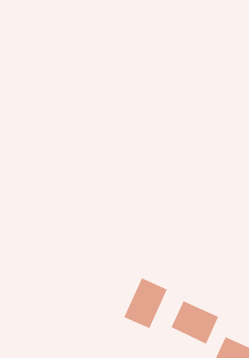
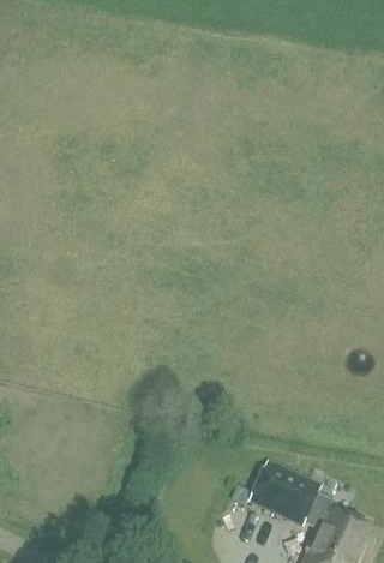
building: [123,277,168,329] -> none

